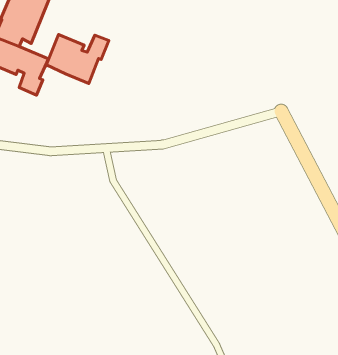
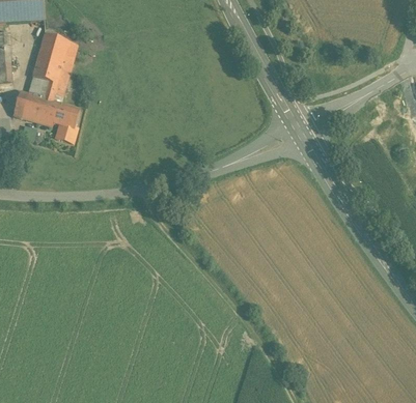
building: [46,35,109,84] -> none

